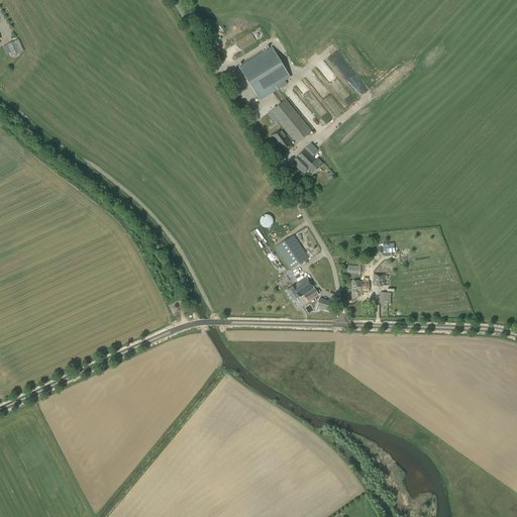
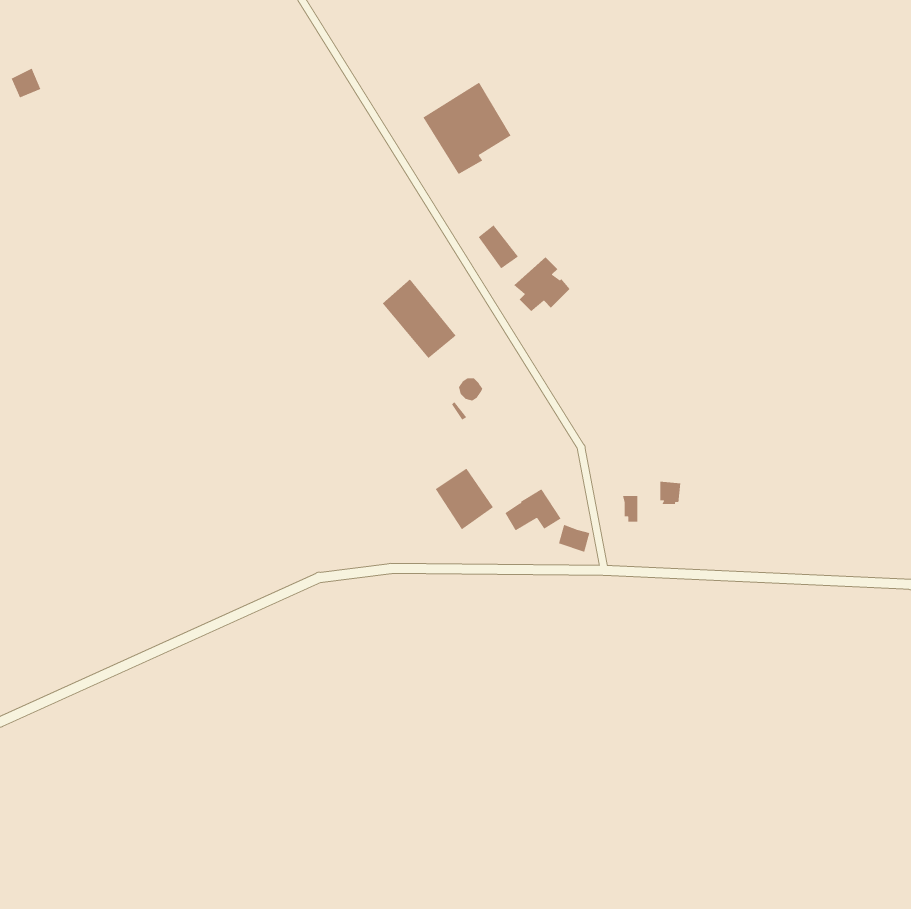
building: [270,98,312,143] -> [382,278,457,359]
building: [276,234,309,270] -> [435,468,494,530]

